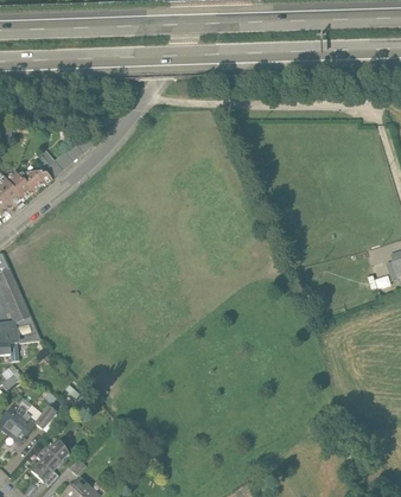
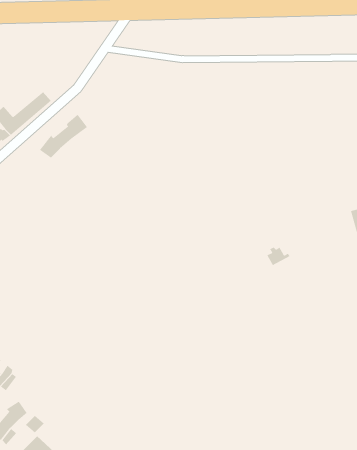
building: none -> [39,114,87,158]

